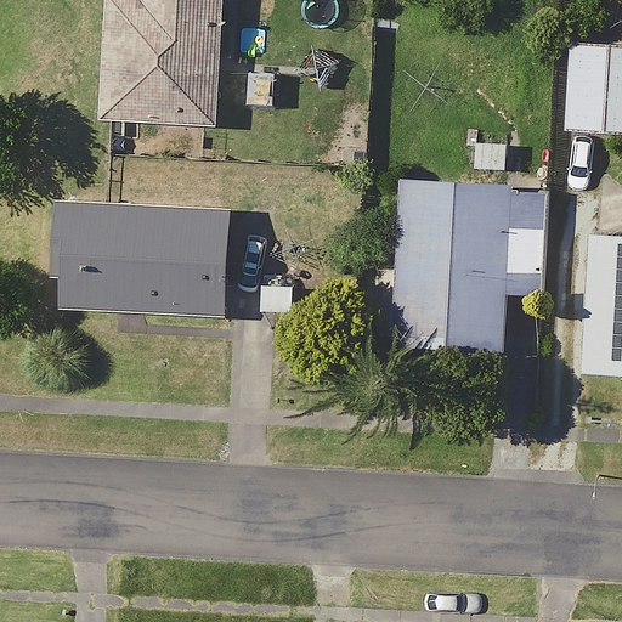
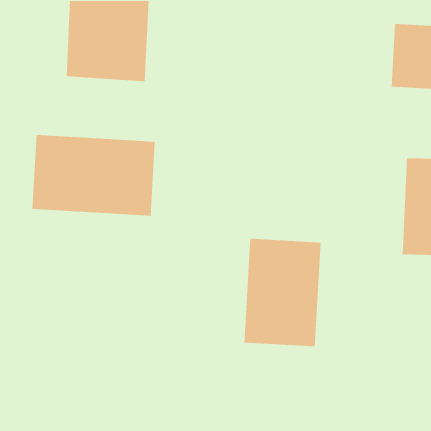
building: [366,179,549,350] -> none
building: none -> [243,238,321,347]

